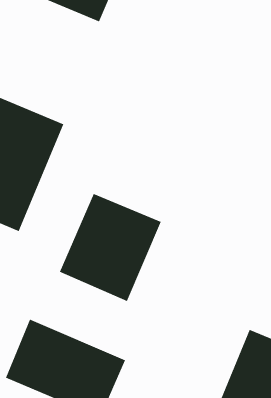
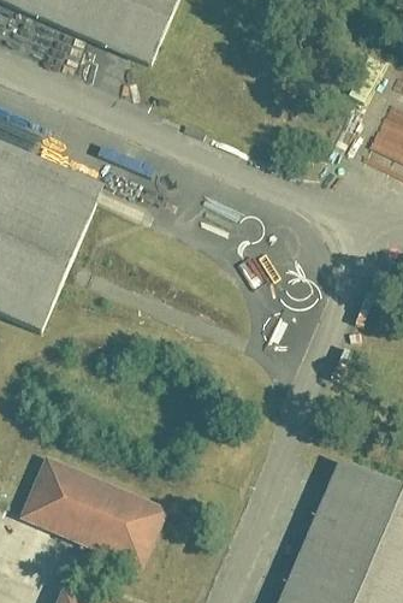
building: [59,193,161,302] -> none

